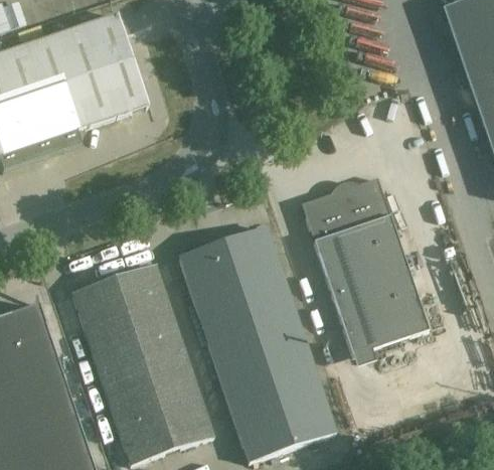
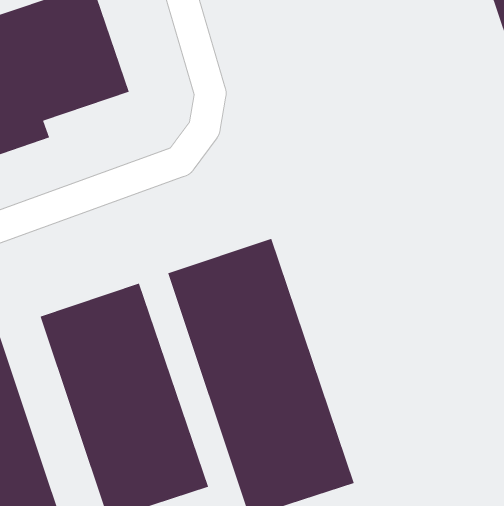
building: [301,176,429,354] -> none

